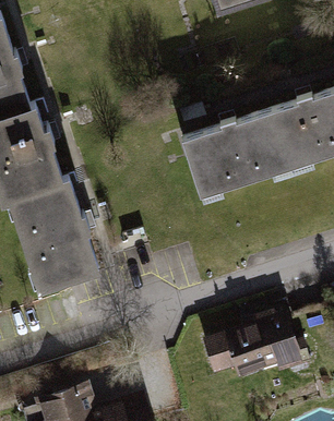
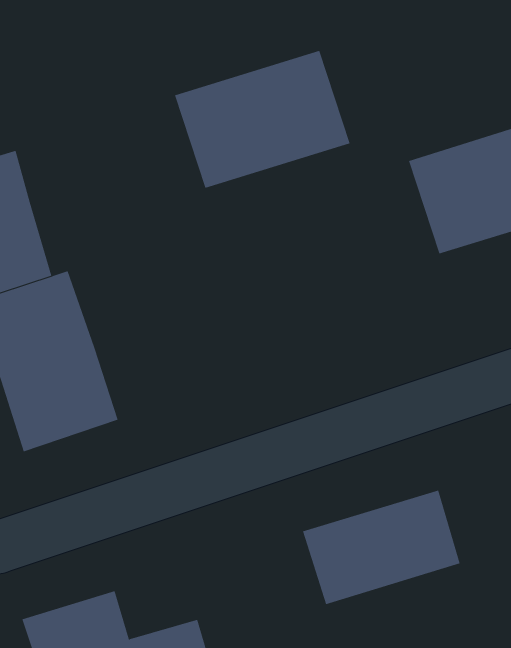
building: [181,113,288,197] -> [174,50,351,189]

